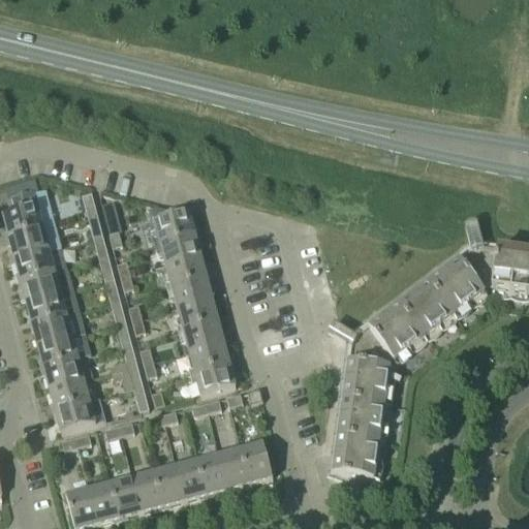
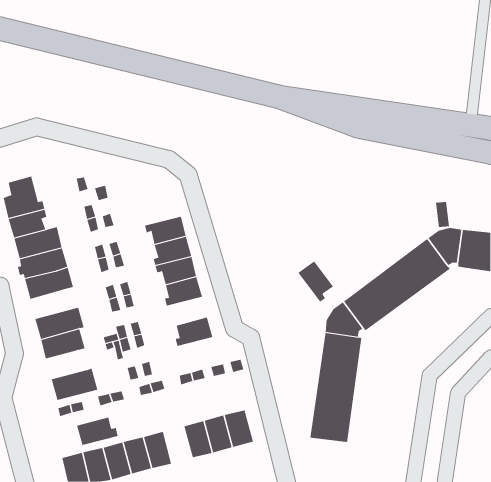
building: [151,205,195,243] -> none
building: none -> [297,260,334,302]
building: [32,309,85,343] -> none
building: [179,319,223,350] -> none
building: [190,363,236,394] -> none
building: [49,377,94,408] -> [76,417,118,446]
building: [176,459,207,499] -> none

